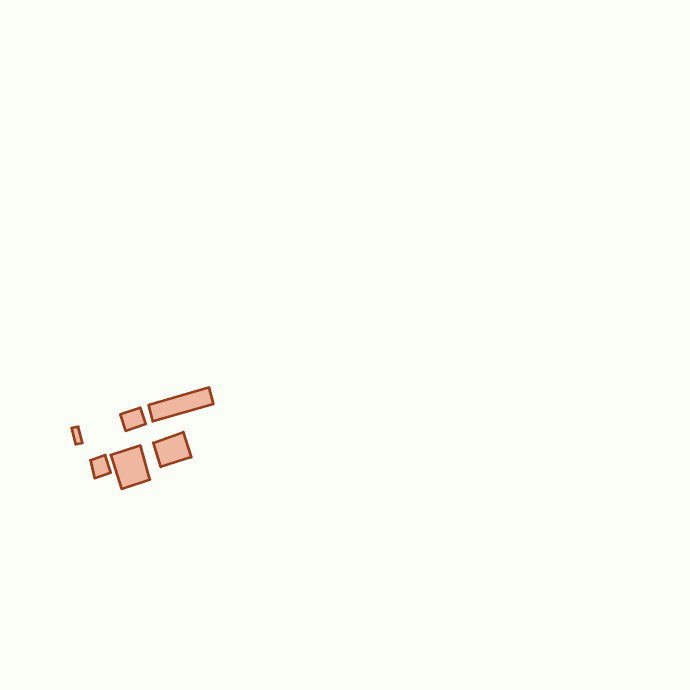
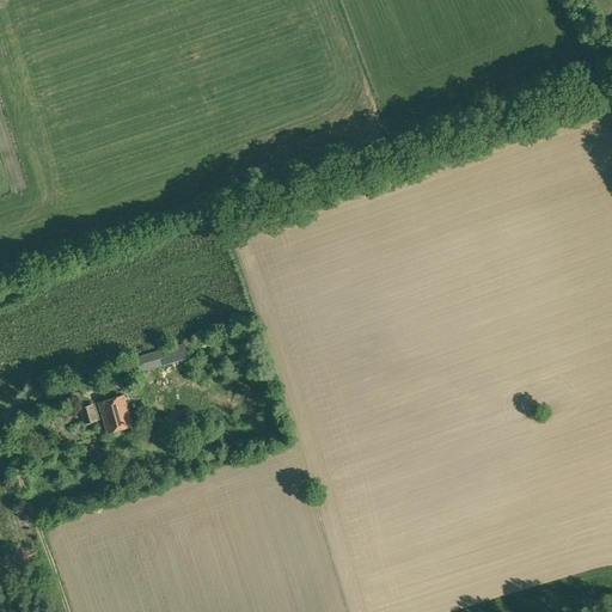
building: [153,432,191,467] -> none

